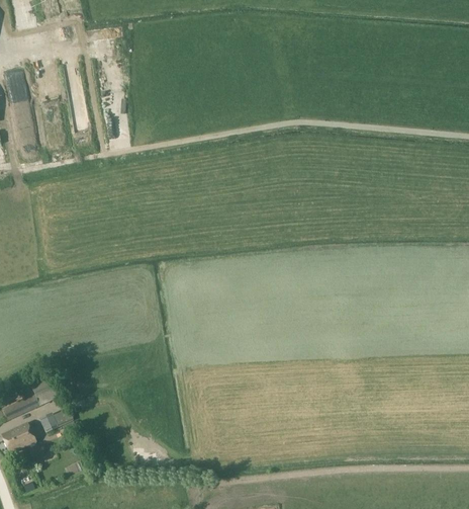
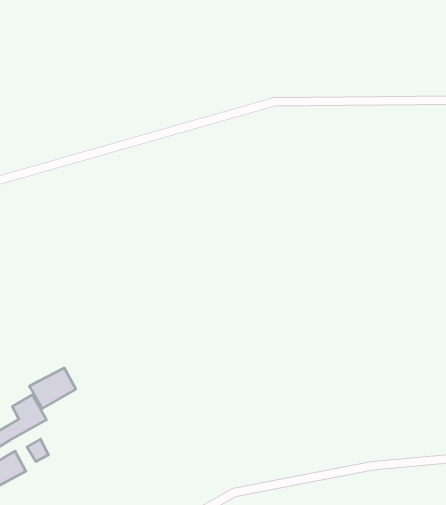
building: none -> [29,368,76,409]

